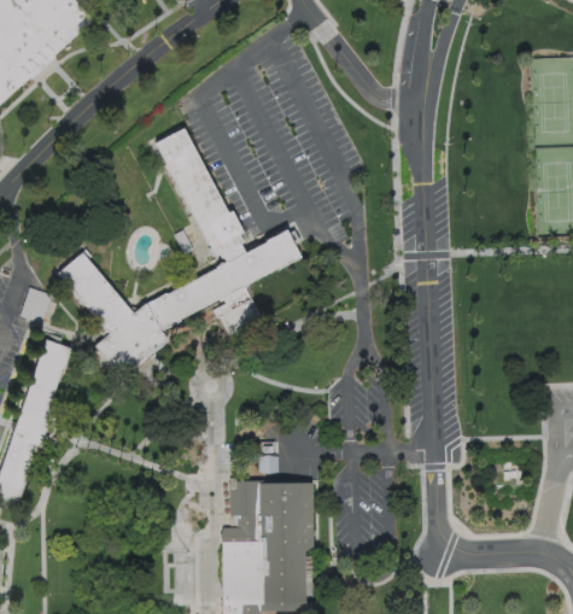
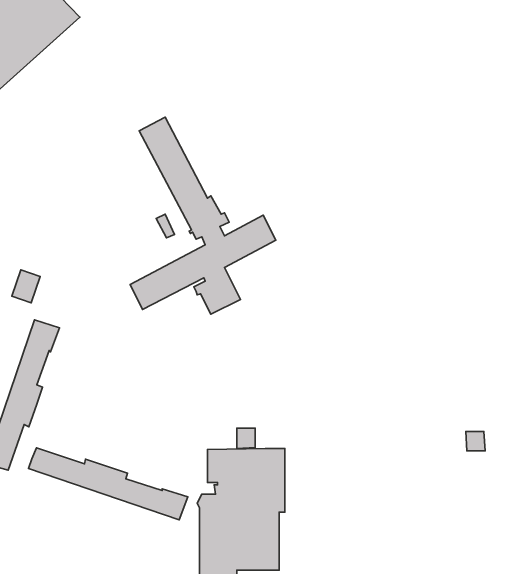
building: [58,253,168,380] -> none
building: none -> [28,448,188,520]

